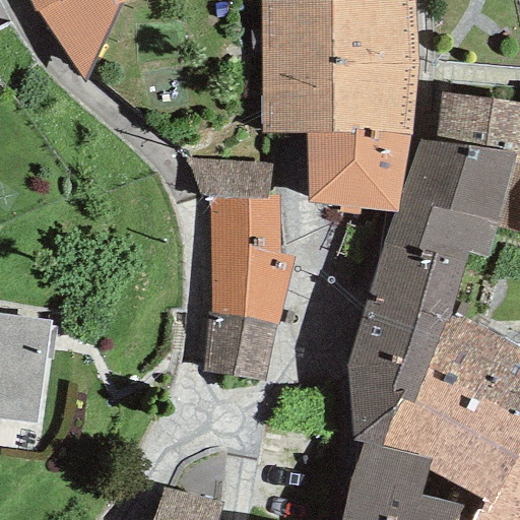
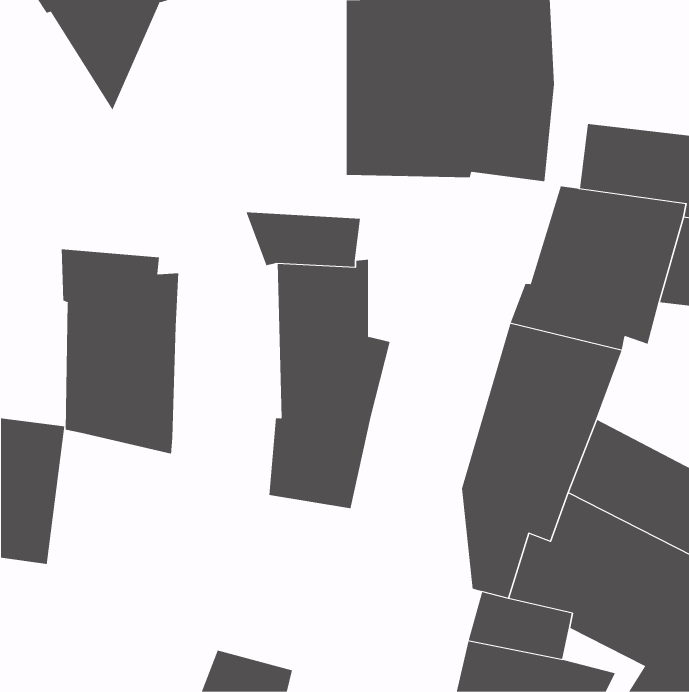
building: [308,129,411,212] -> none
building: none -> [61,248,179,455]

